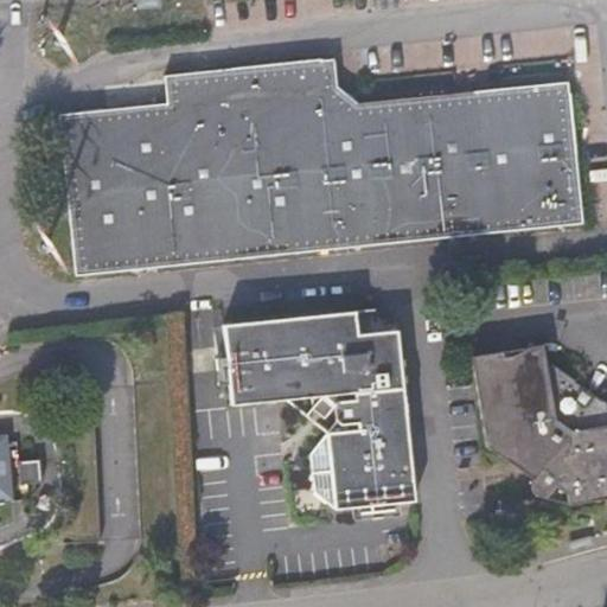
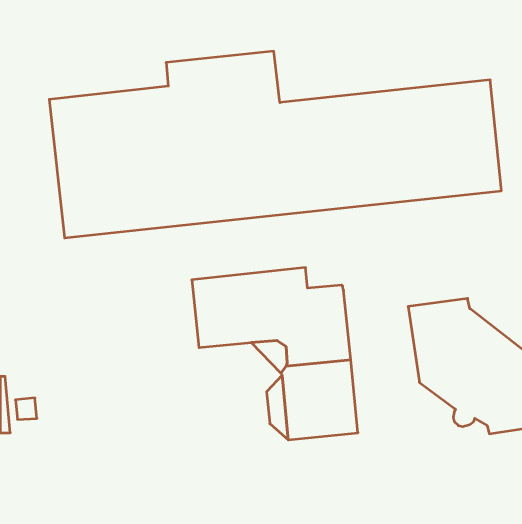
building: [319,58,569,119] -> none

